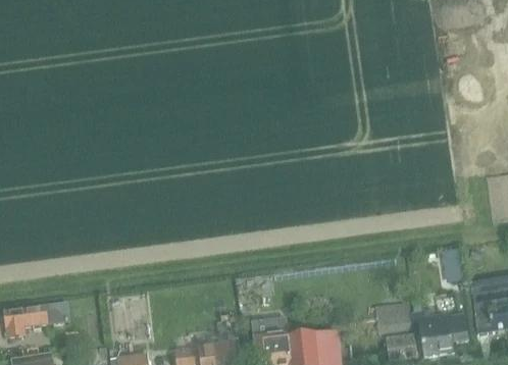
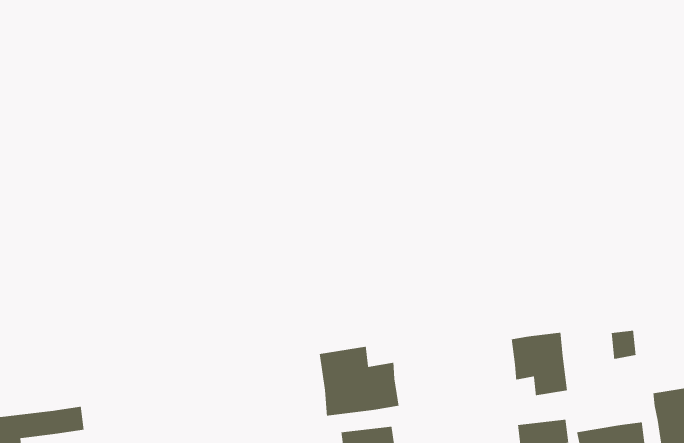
building: none -> [511,332,568,396]
building: none -> [319,346,399,416]

